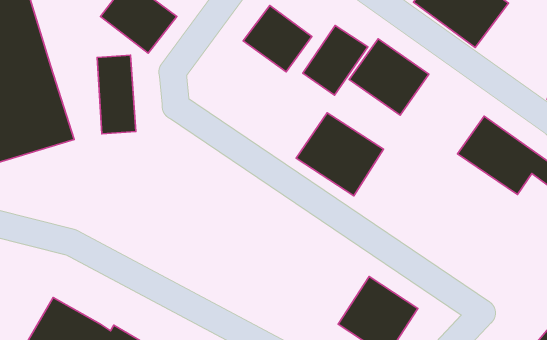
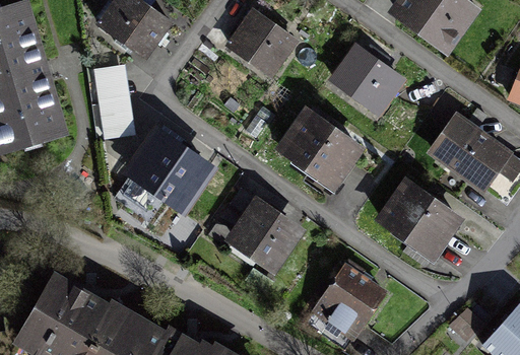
building: [303,25,368,95] -> none
building: none -> [113,134,207,220]
building: none -> [380,182,457,256]
building: none -> [224,198,300,268]

